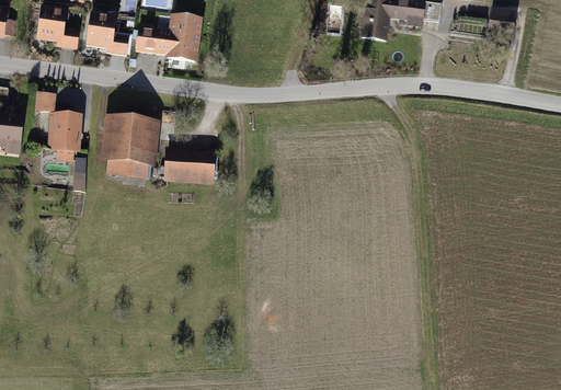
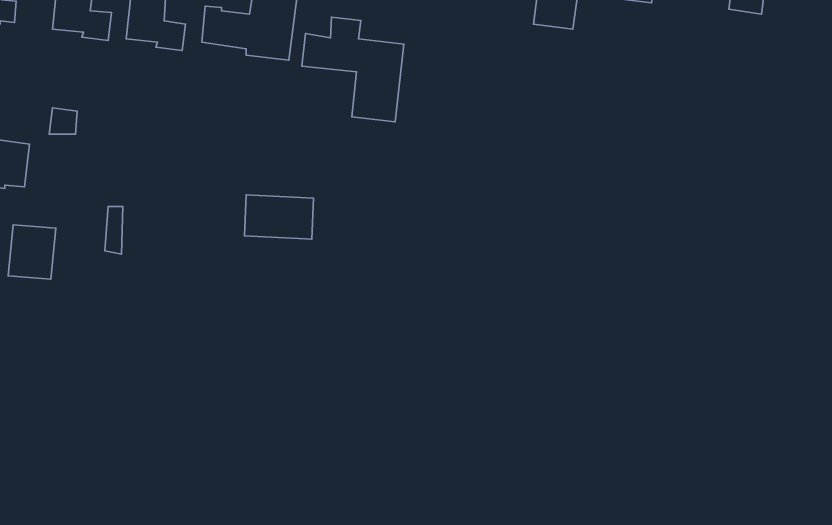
building: none -> [302,17,404,122]
building: [49,115,81,151] -> [8,225,56,279]
building: [107,119,154,179] -> none

